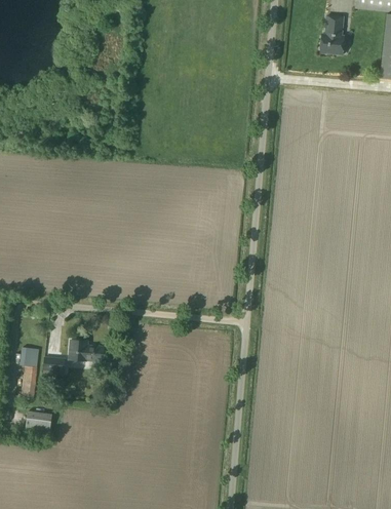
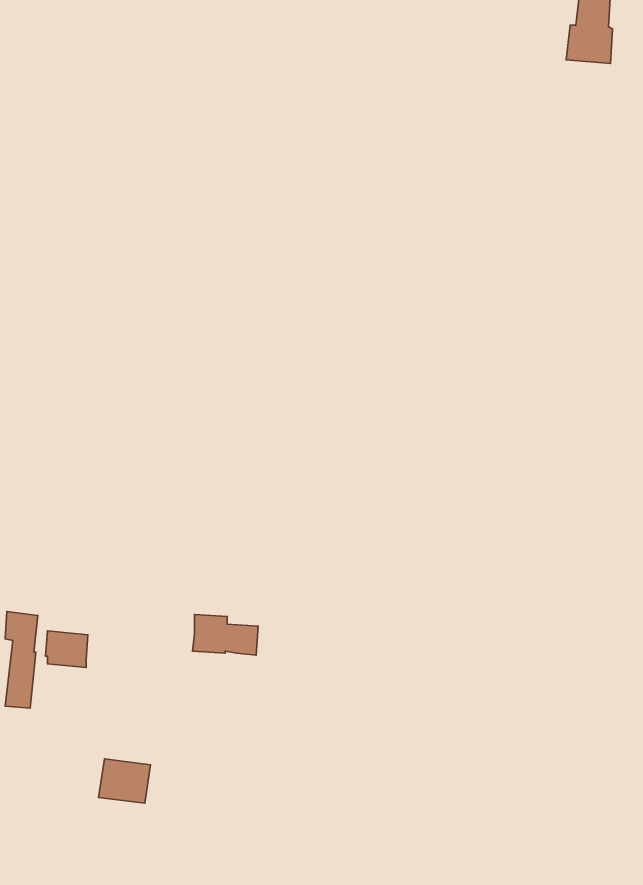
building: [69,338,104,359] -> [192,615,258,655]
building: [25,408,52,432] -> [99,759,151,803]

